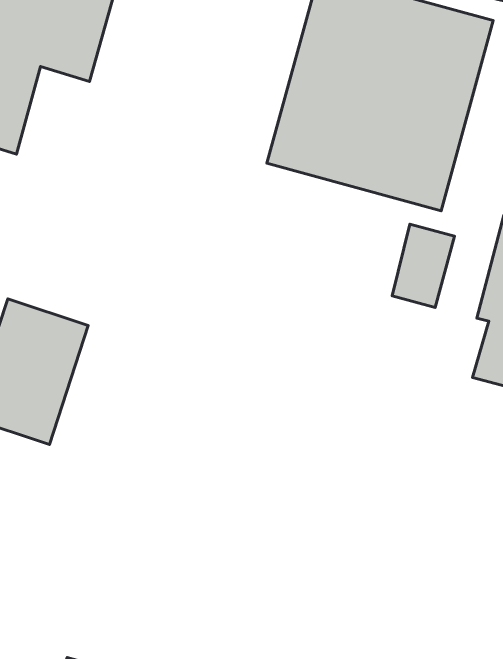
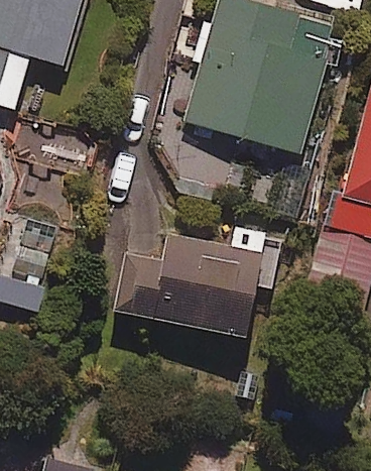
building: none -> [111,226,266,337]

